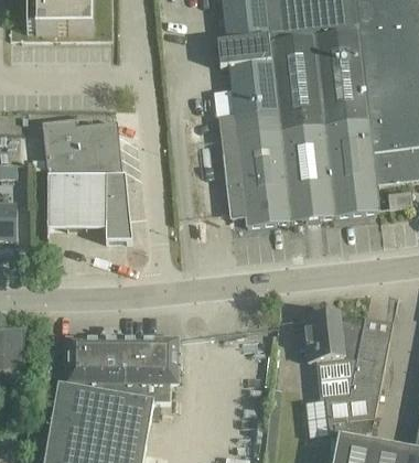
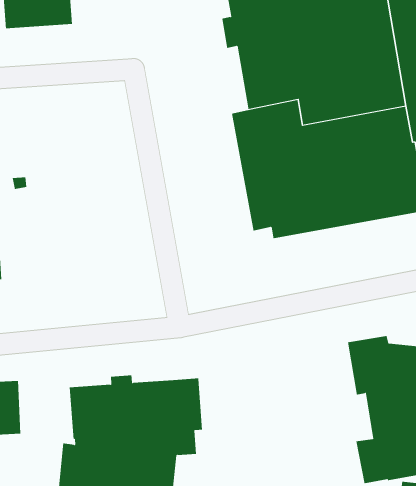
building: [41,119,131,240] -> none

